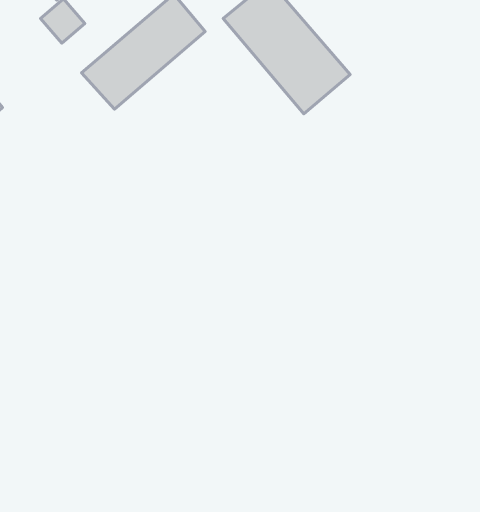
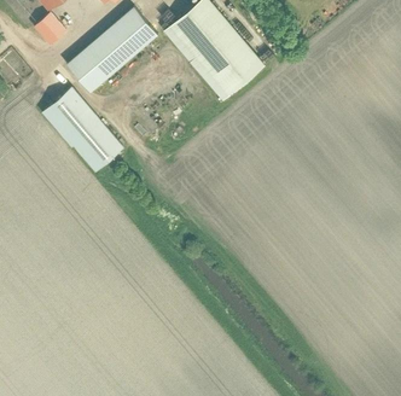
building: none -> [43,88,123,173]

